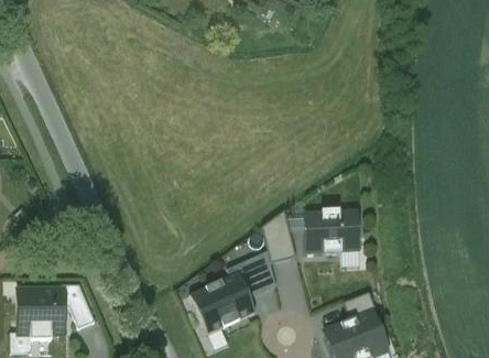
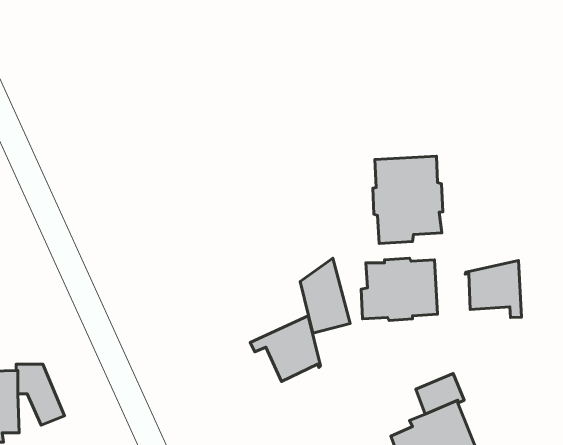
building: none -> [373,156,443,244]
building: none -> [465,261,522,318]
building: [187,273,253,336] -> none

